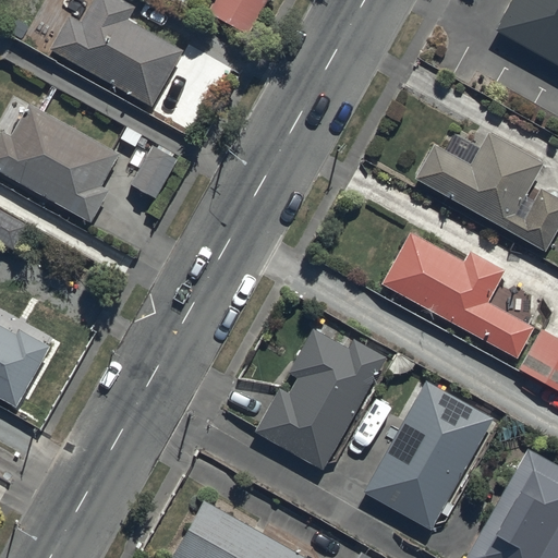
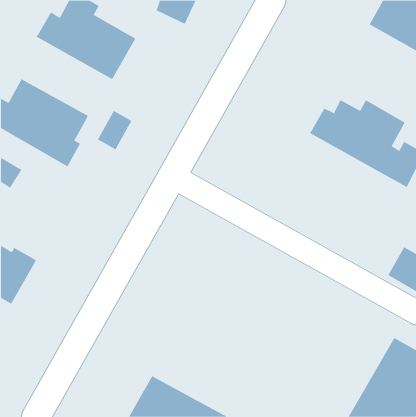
building: [383,233,534,359] -> none
building: [256,330,387,470] -> none
building: [365,383,493,527] -> none

